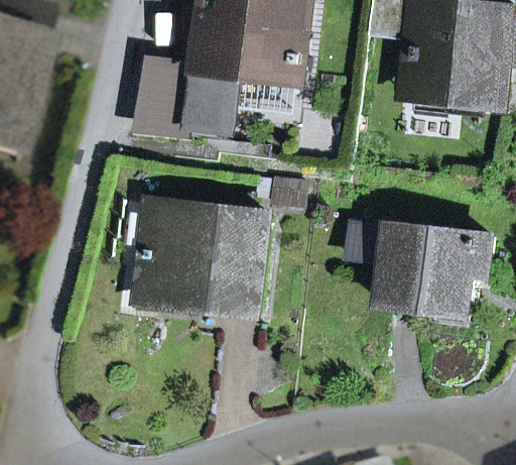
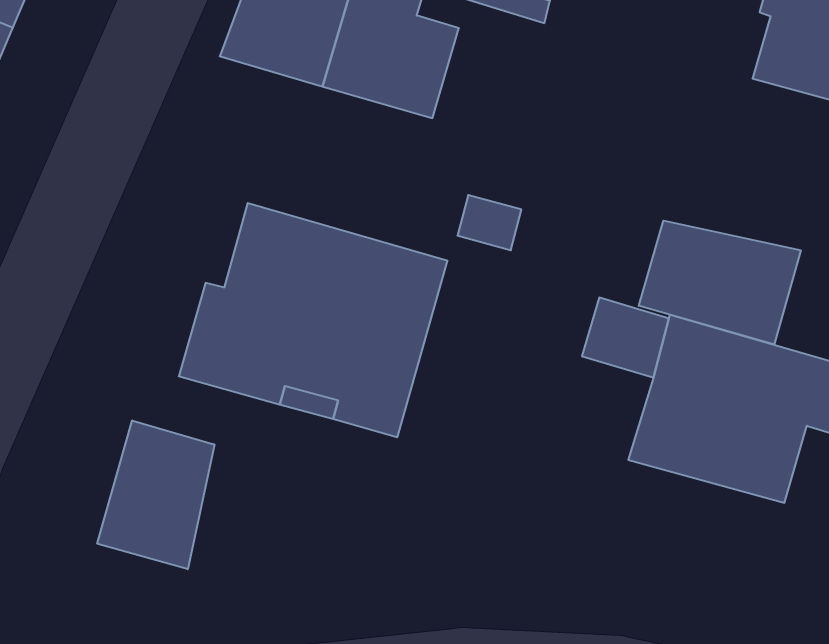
building: none -> [639,221,801,344]
building: none -> [97,420,214,569]

